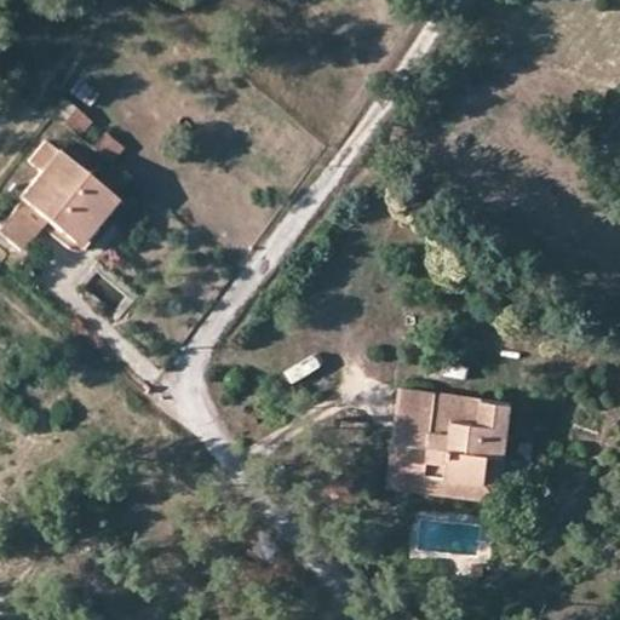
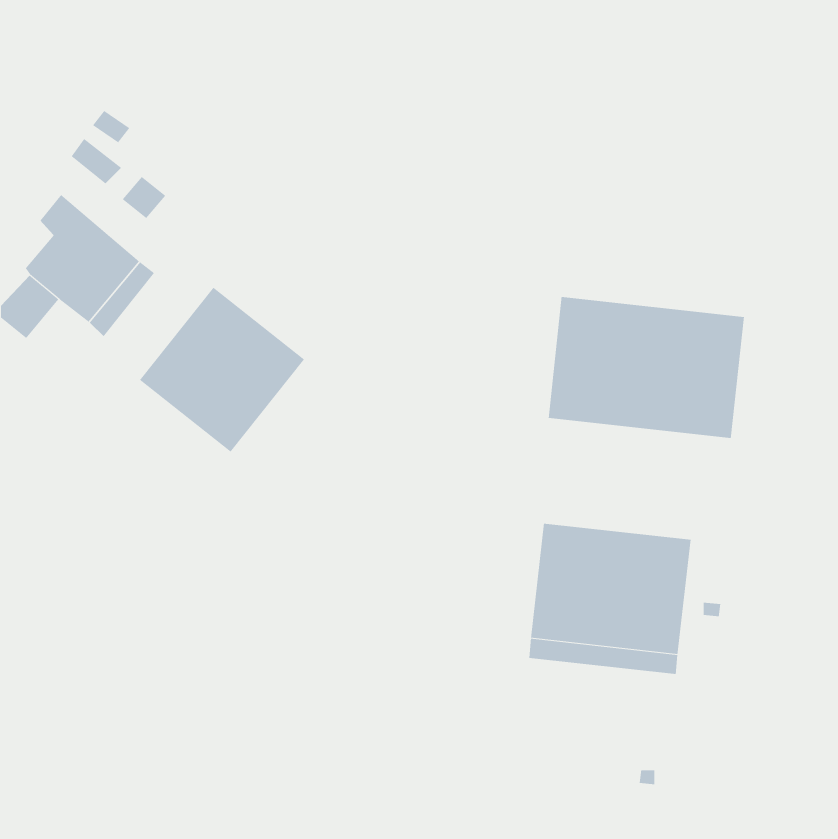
building: none -> [139,287,305,452]
building: none -> [548,296,744,439]

